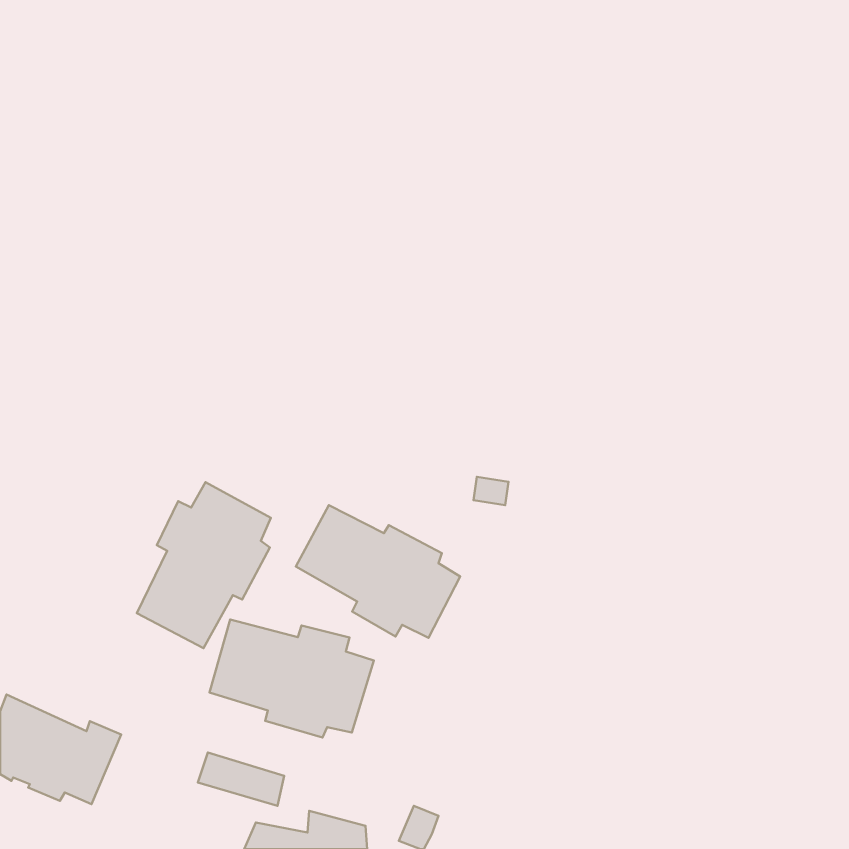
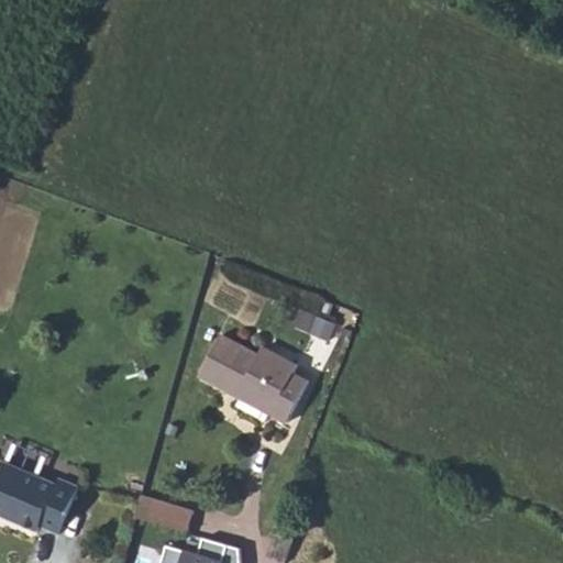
building: [137,482,271,648] -> none
building: [209,619,374,737] -> none

